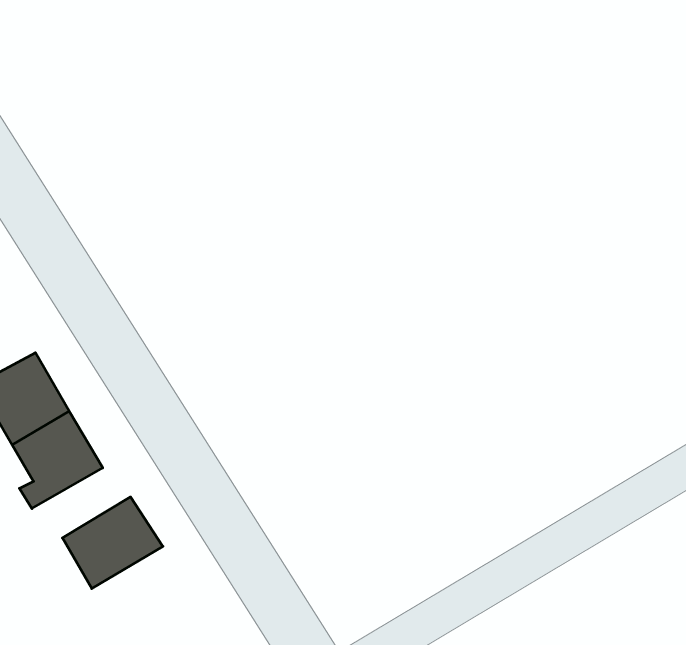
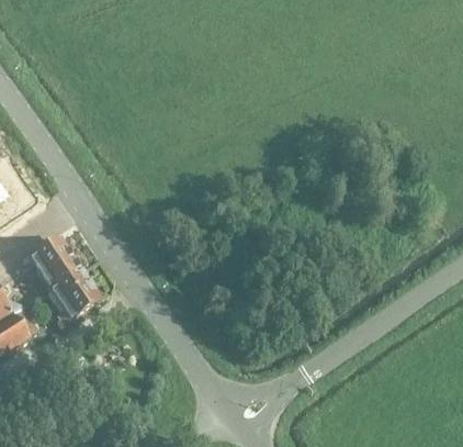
building: [62,497,163,589] -> none

